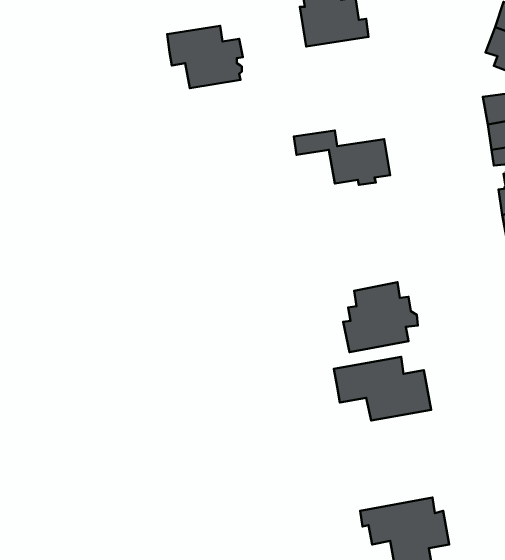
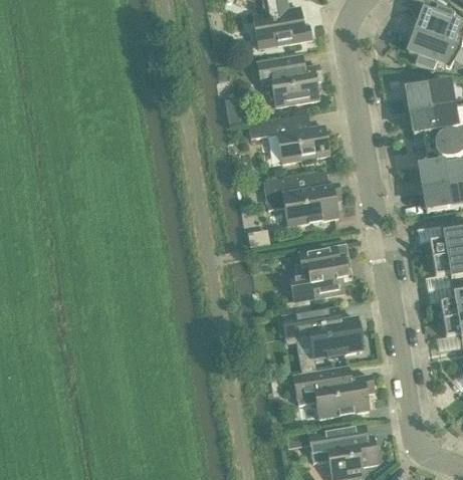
building: [167,26,243,88] -> [257,53,320,105]
building: none -> [263,172,340,226]
building: none -> [292,366,374,420]

